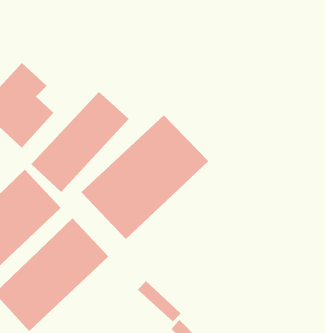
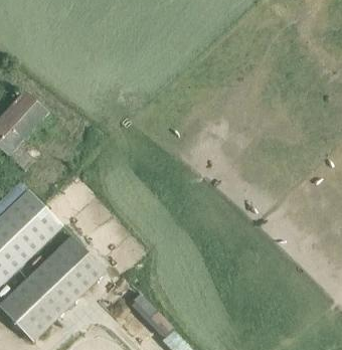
building: [30,91,130,193] -> none
building: [81,115,209,240] -> none

